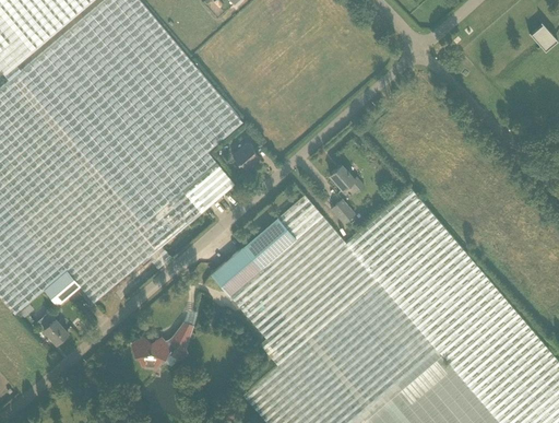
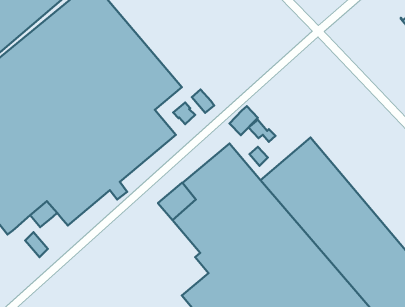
building: none -> [192,90,214,113]
building: none -> [229,106,258,135]
building: [133,324,192,366] -> none

